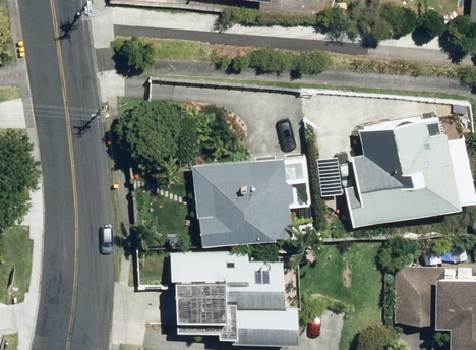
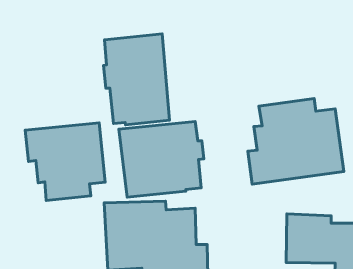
building: none -> [103,34,170,125]
building: none -> [25,123,105,201]

